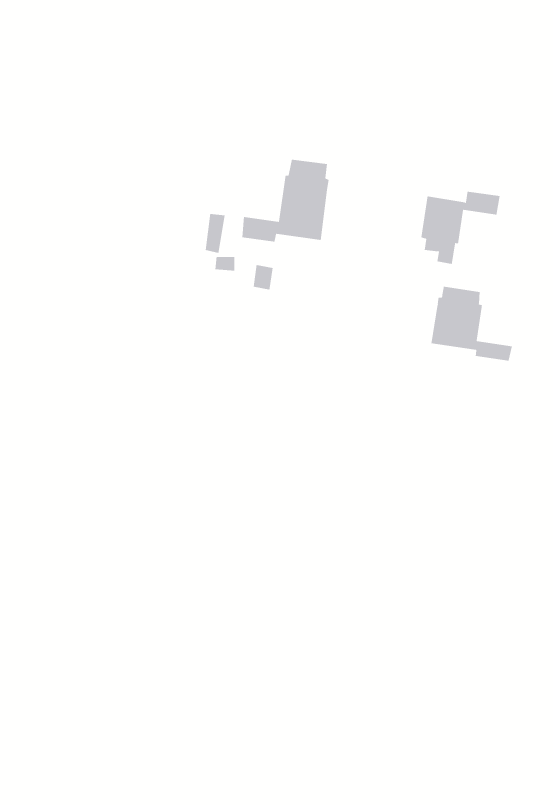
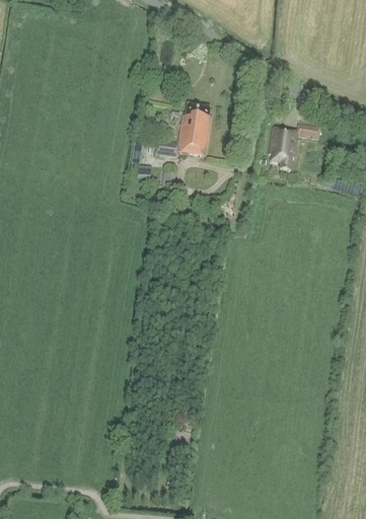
building: [431,286,512,362] -> none

